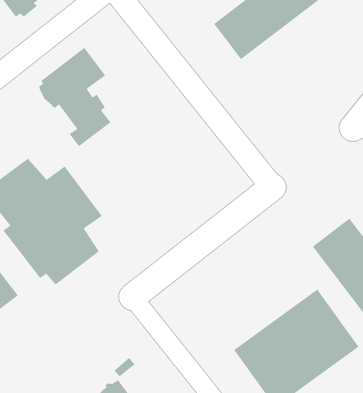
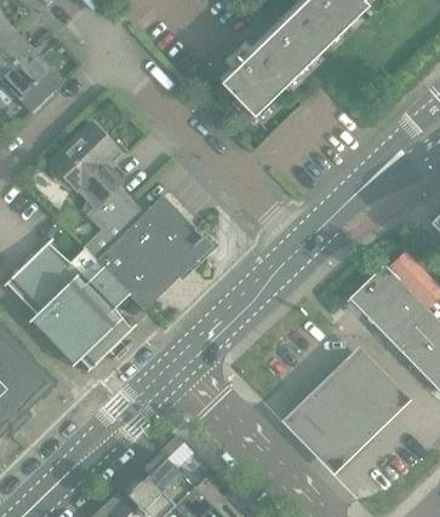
building: none -> [86,196,212,310]

